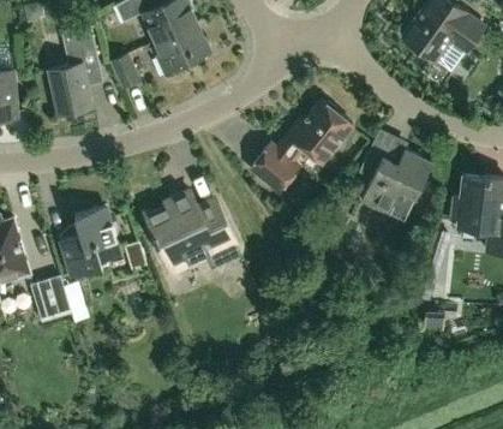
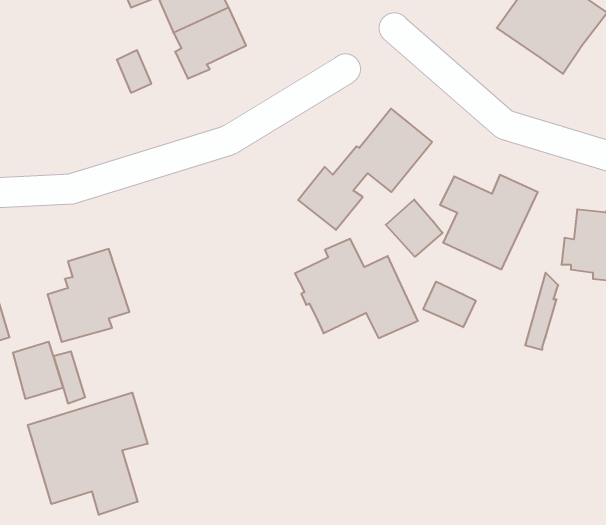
building: [48,24,98,114] -> none
building: none -> [386,199,443,257]
building: [148,192,241,268] -> [295,239,418,338]
building: none -> [423,282,476,327]
building: none -> [28,393,148,515]

